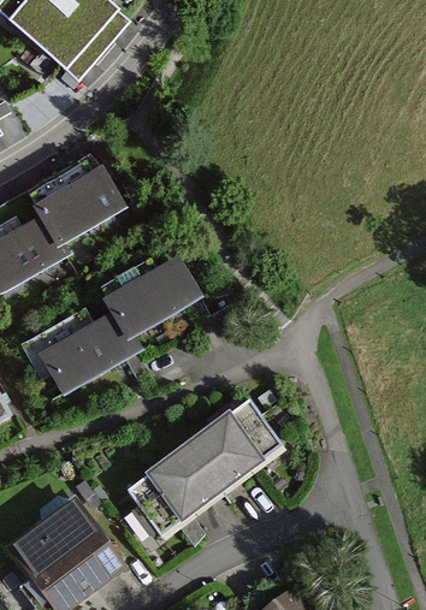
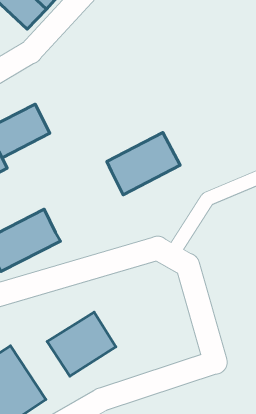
building: [108,255,206,340] -> [107,132,180,195]
building: [189,399,280,487] -> none

